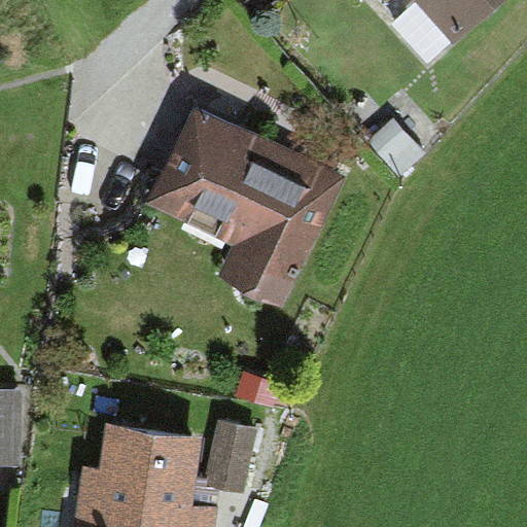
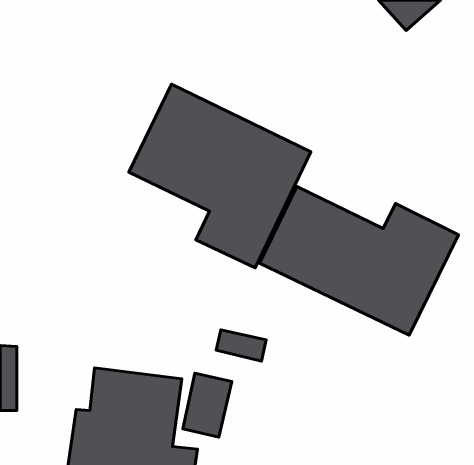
building: none -> [260,187,458,335]

